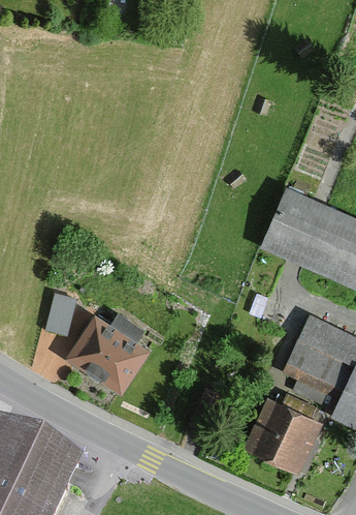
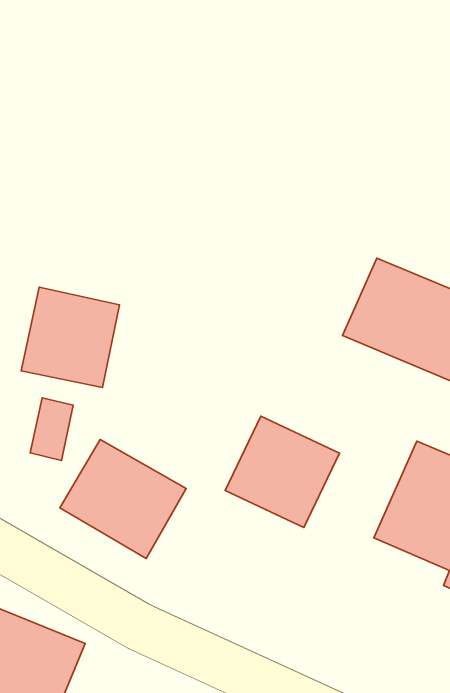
building: none -> [21,287,120,387]
building: [245,395,324,473] -> [225,416,340,528]

